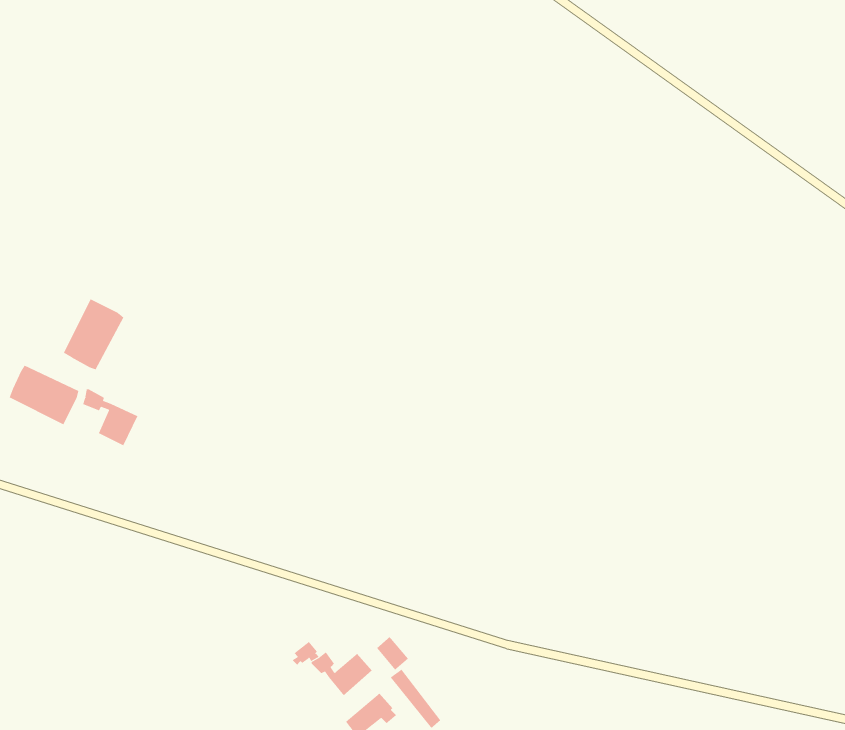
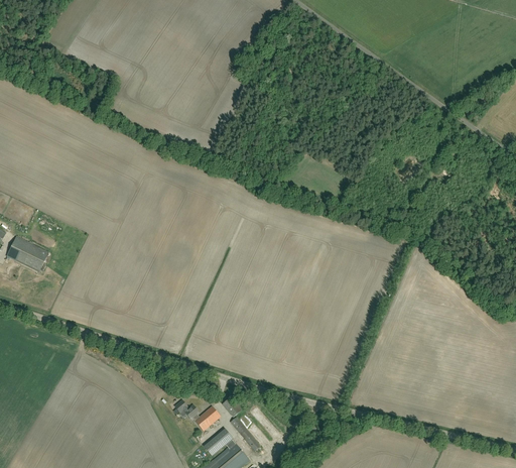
building: [63,298,124,370] -> none
building: [82,388,138,446] -> none

